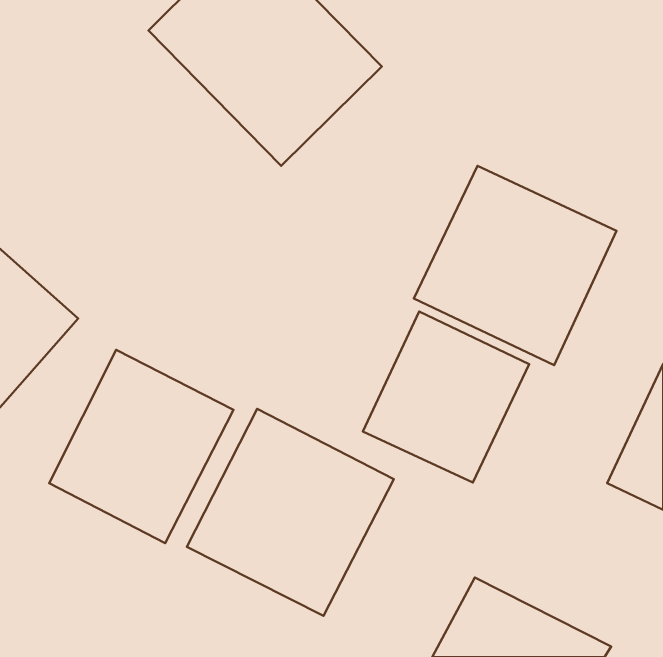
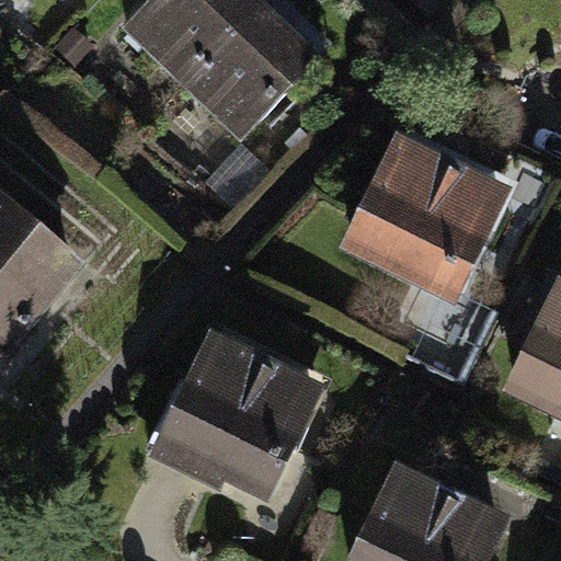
building: [363,312,529,482] -> none
building: [49,350,234,543] -> none

